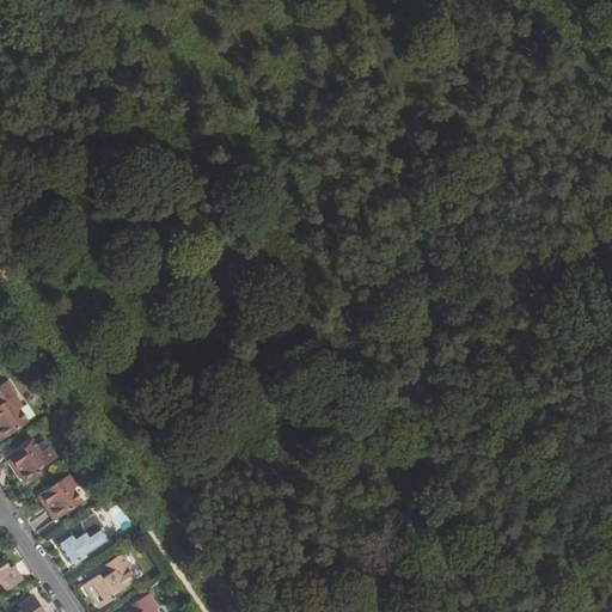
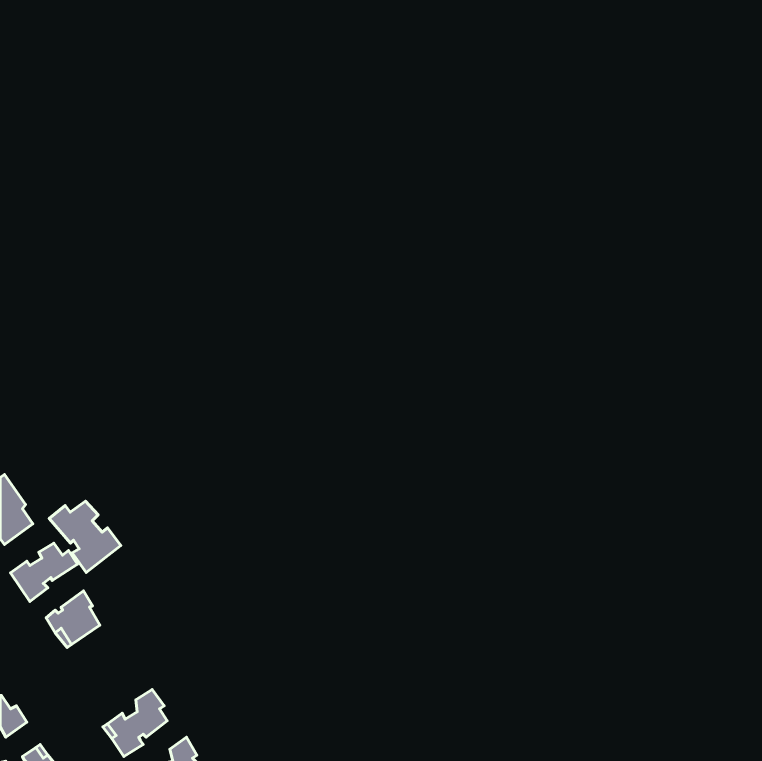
building: none -> [49,501,121,572]
building: [57,513,110,565] -> none

